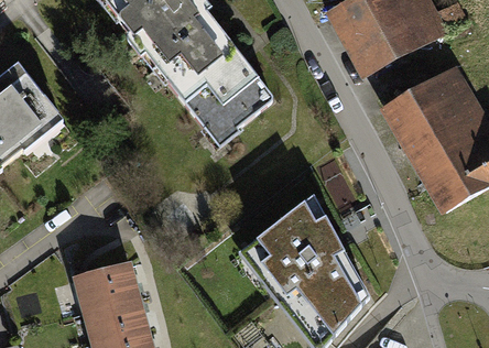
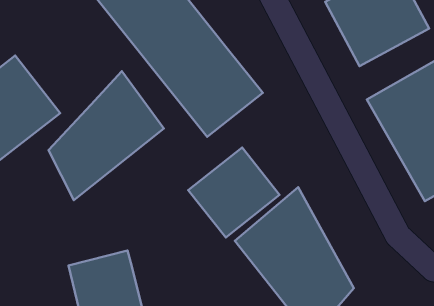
building: none -> [48,71,164,200]
building: none -> [188,147,280,238]

